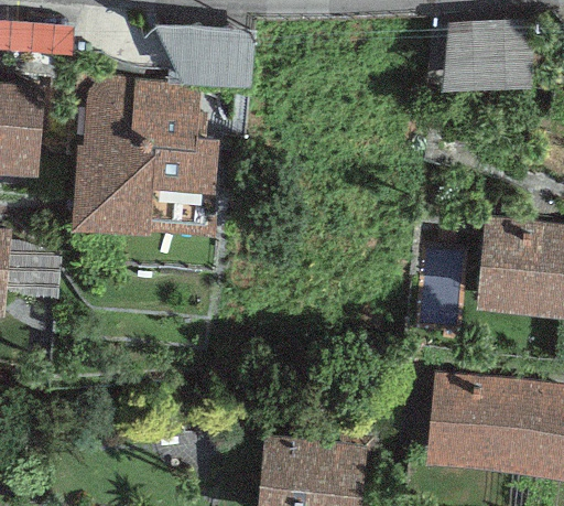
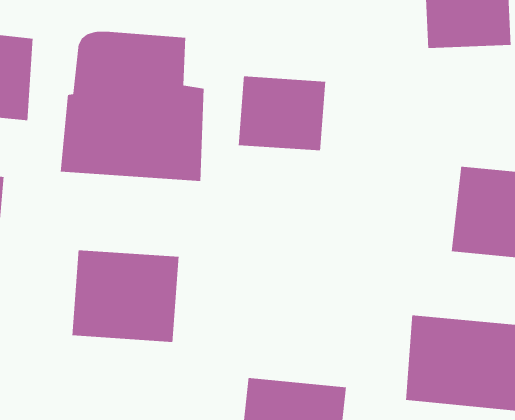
building: none -> [238,76,326,151]
building: none -> [71,249,179,343]

